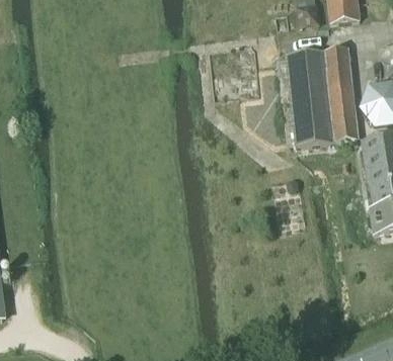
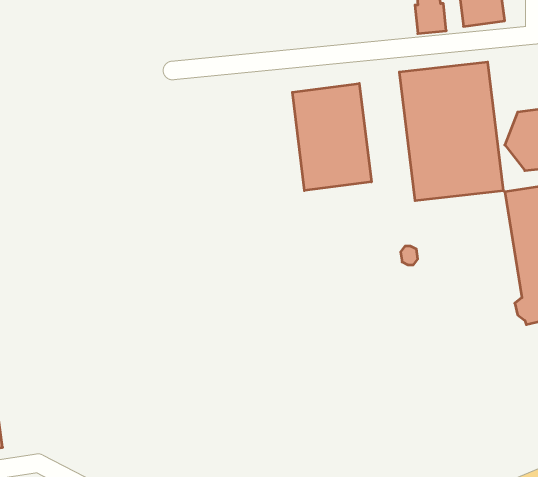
building: none -> [292,83,371,191]

